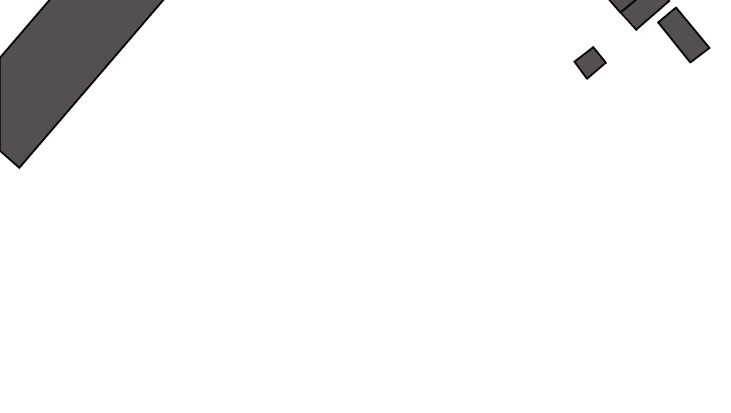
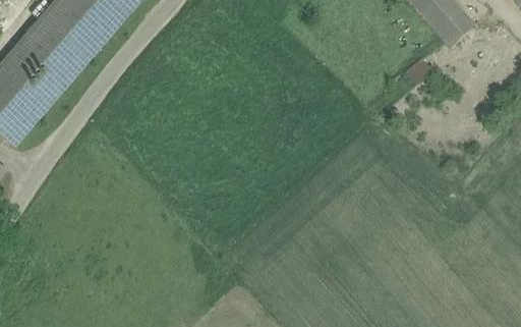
building: [658,8,710,62] -> none

